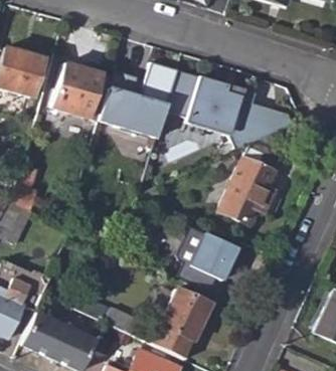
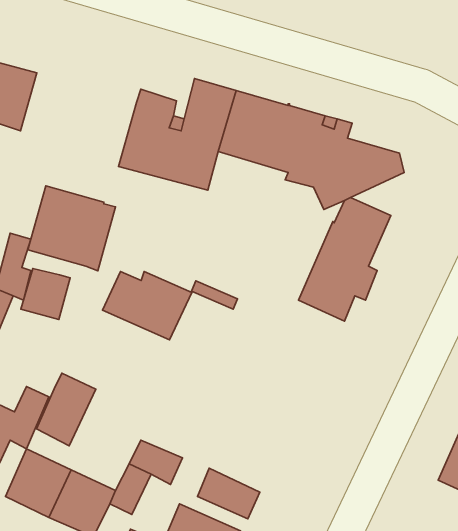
building: [51,63,111,121] -> [28,186,116,271]
building: none -> [21,268,70,320]
building: [177,233,237,280] -> [103,272,192,340]
building: none -> [36,373,96,446]
building: [160,289,211,341] -> none

